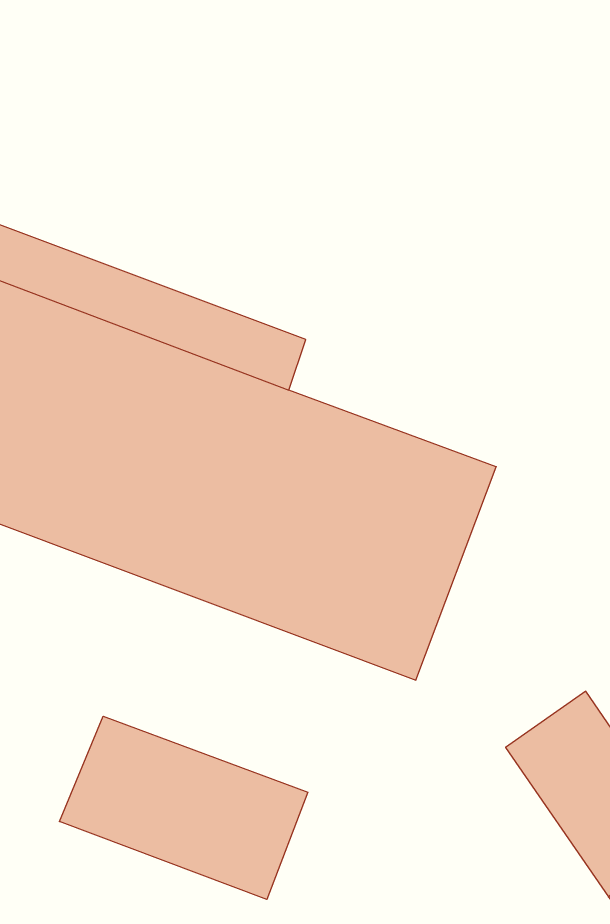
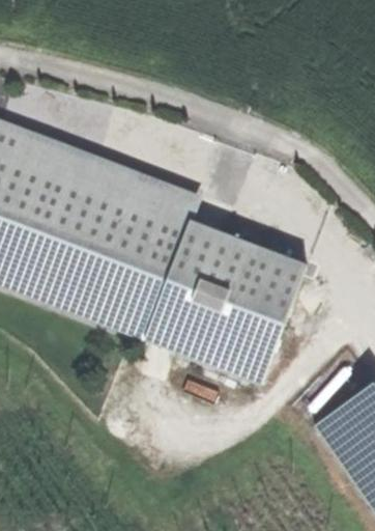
building: [59,716,308,899] -> none

